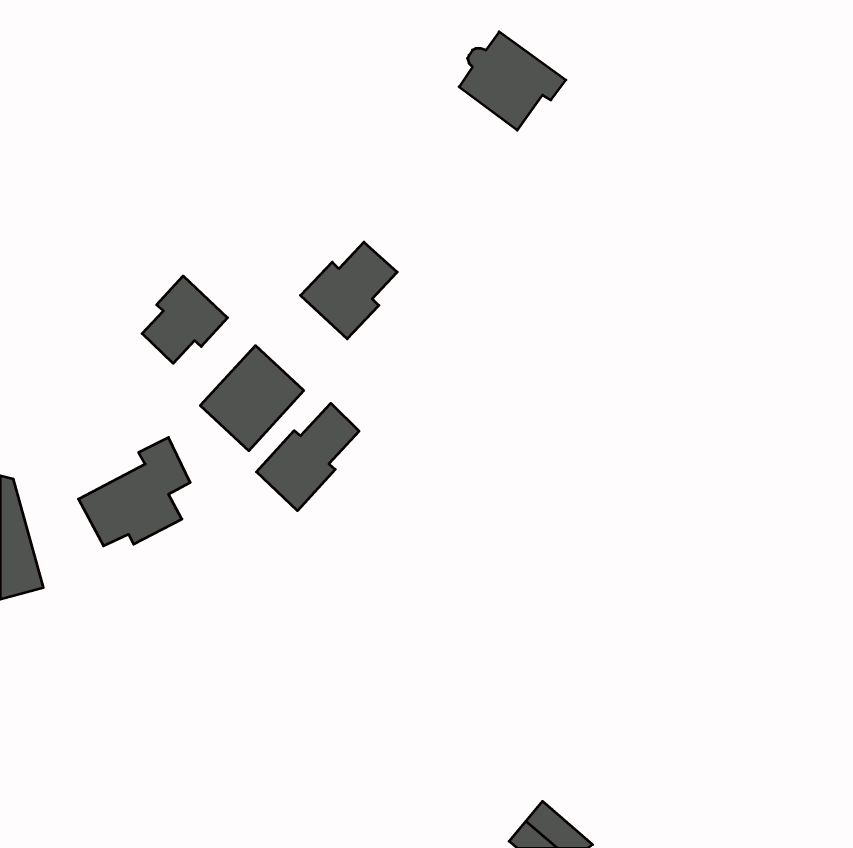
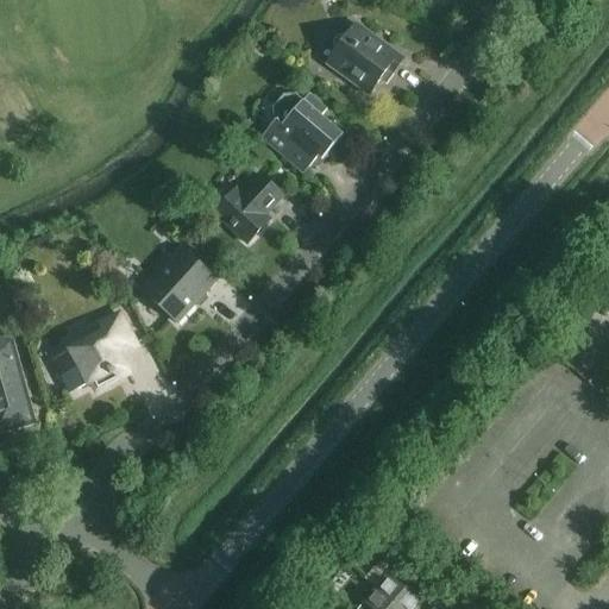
building: none -> [260,92,343,172]
building: [142,276,228,363] -> none
building: [256,403,359,511] -> none

